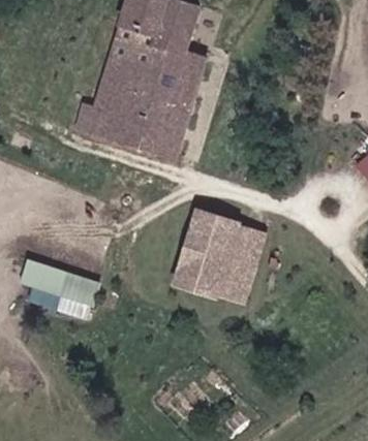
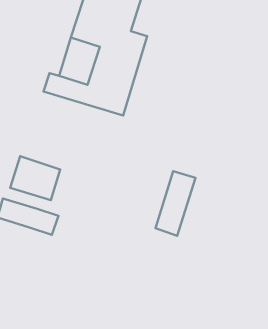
building: none -> [10,156,60,200]
building: [174,213,236,297] -> none

